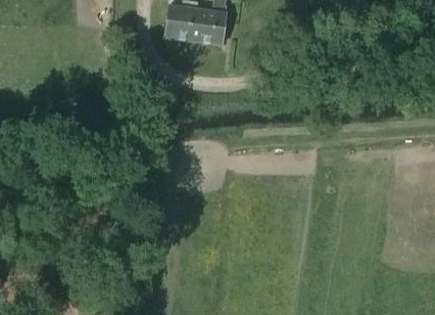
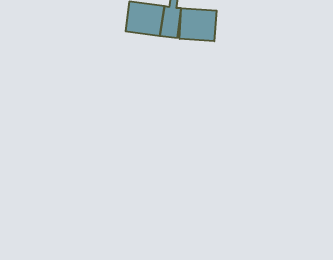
building: none -> [180,8,217,41]

